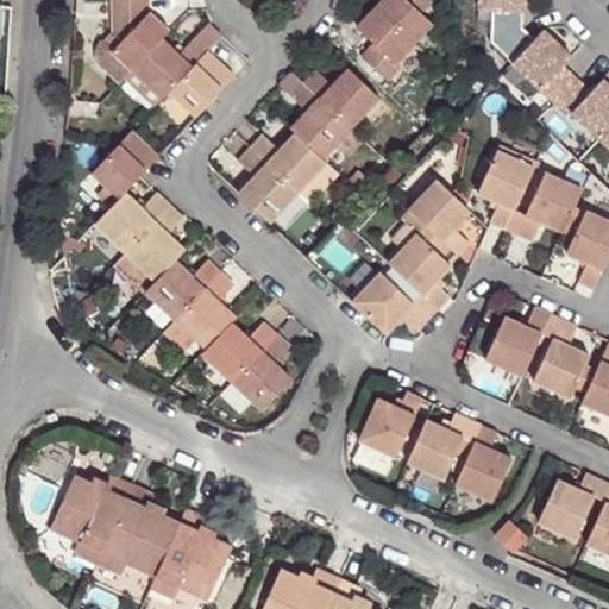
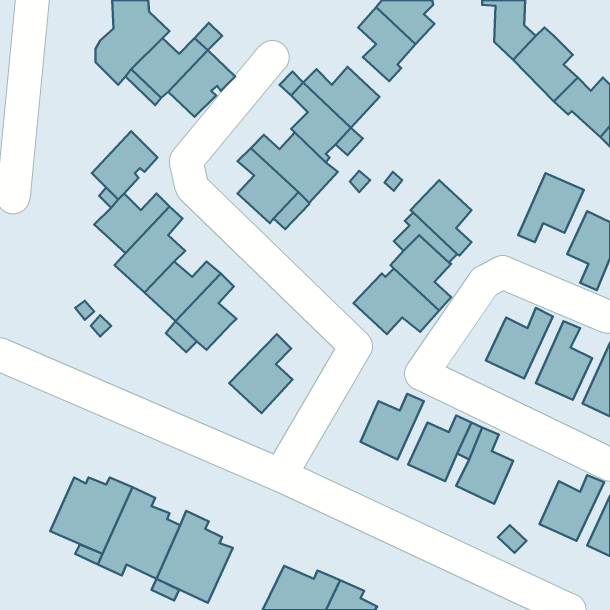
building: [477,151,533,230] -> none
building: [200,321,276,382] -> none

